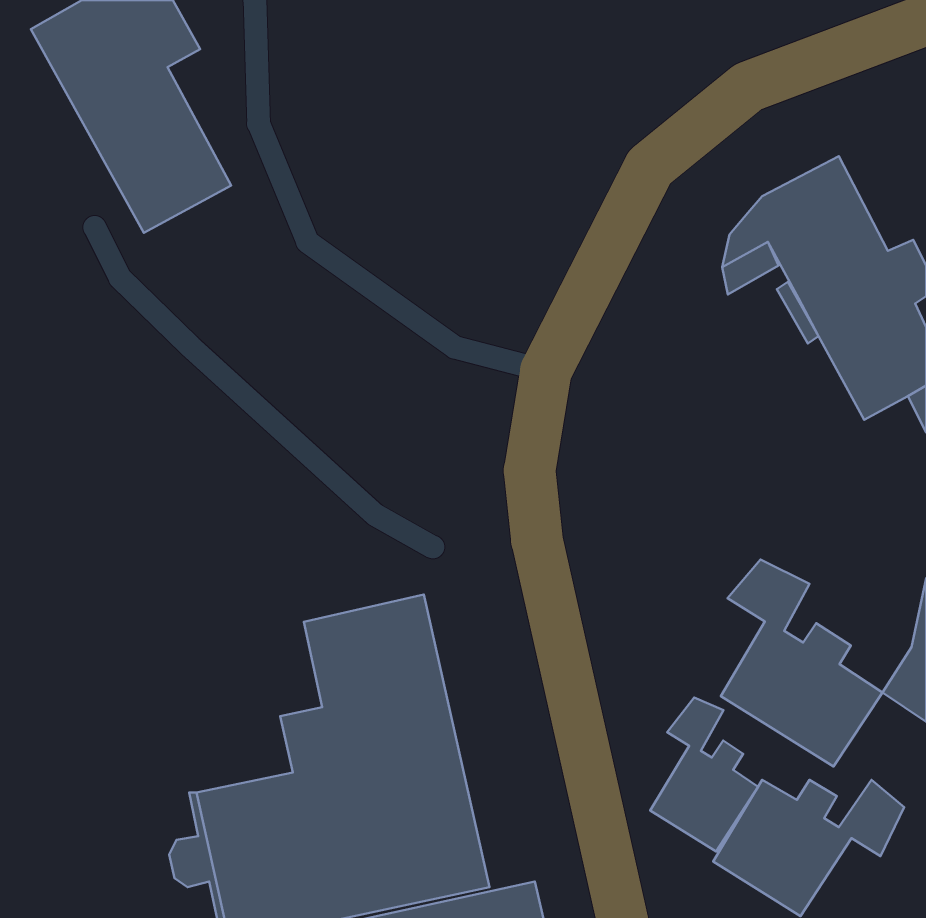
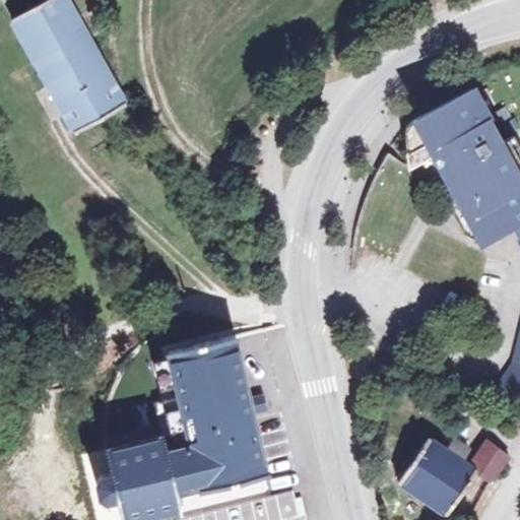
building: [721,560,882,766] -> none
building: [650,697,758,851] -> none

